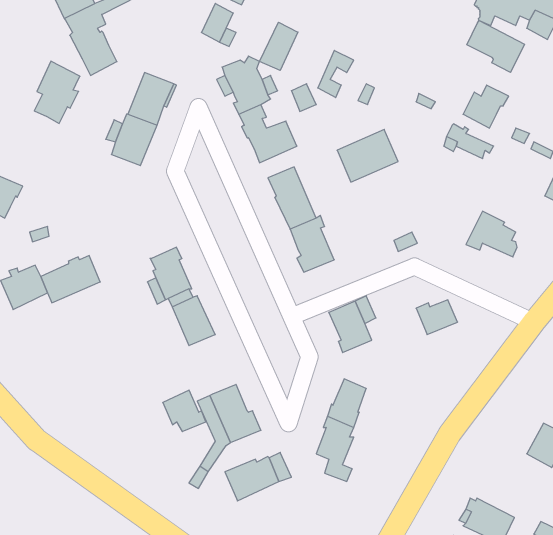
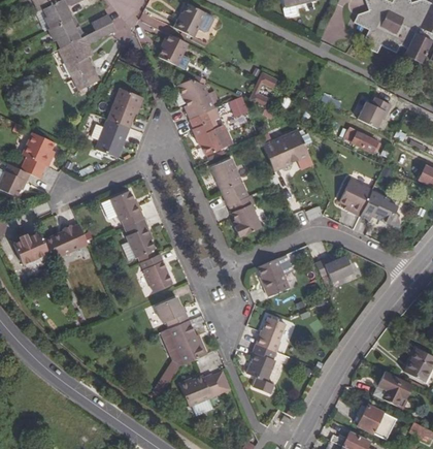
building: [467,20,524,72] -> none
building: [260,22,298,70] -> none
building: [34,61,80,123] -> [20,131,54,178]
building: none -> [339,179,371,216]
building: none -> [99,190,143,226]
building: [163,390,206,432] -> [156,296,188,327]
building: none -> [373,371,413,408]

